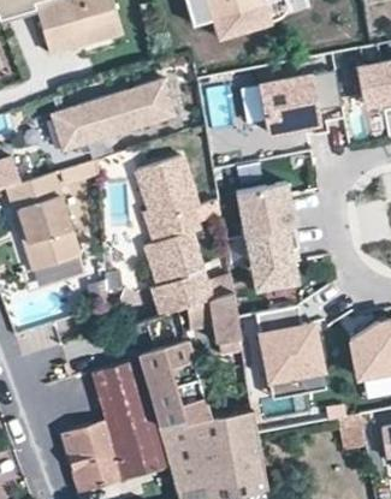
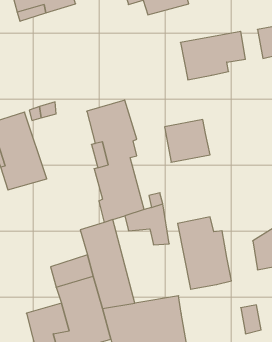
building: [52,82,176,153] -> none
building: [245,226,300,289] -> none

